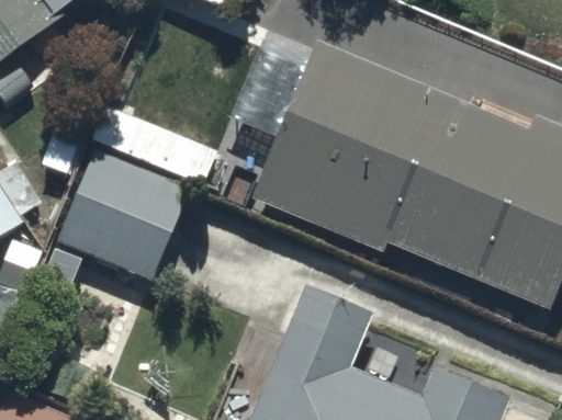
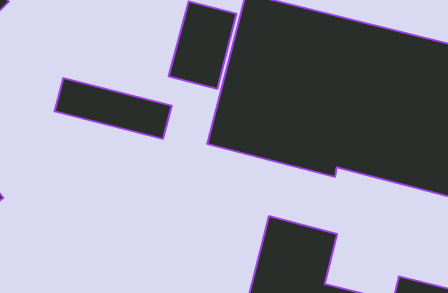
building: [55,149,189,281] -> none

